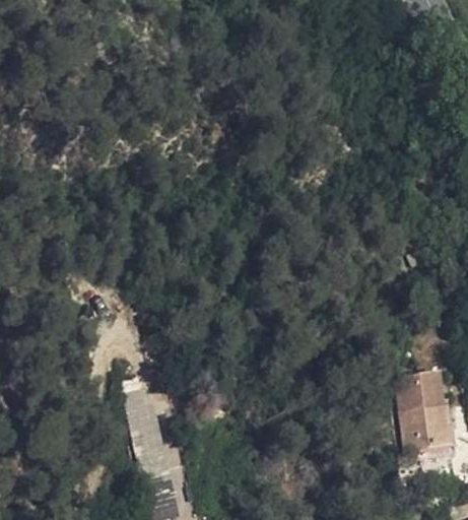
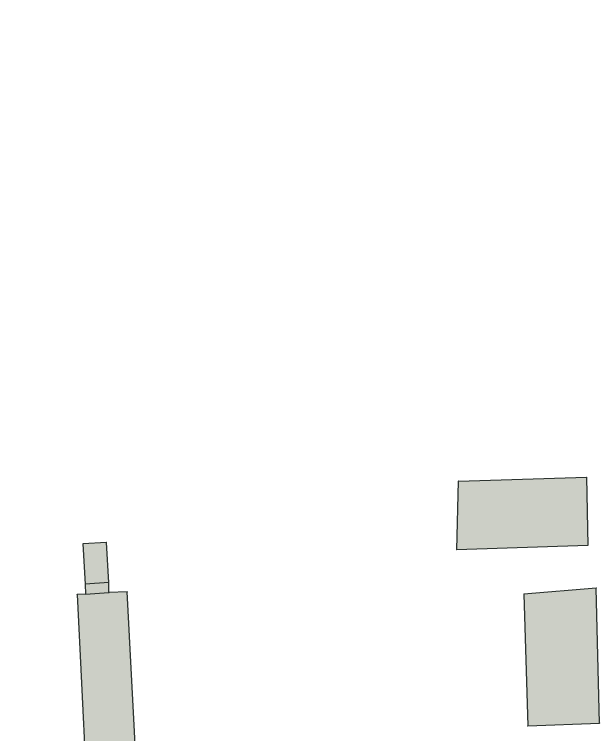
building: none -> [457,477,588,550]

